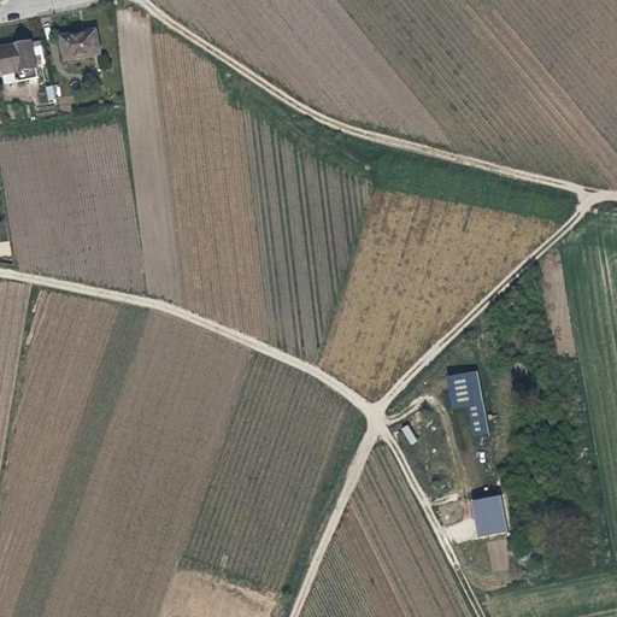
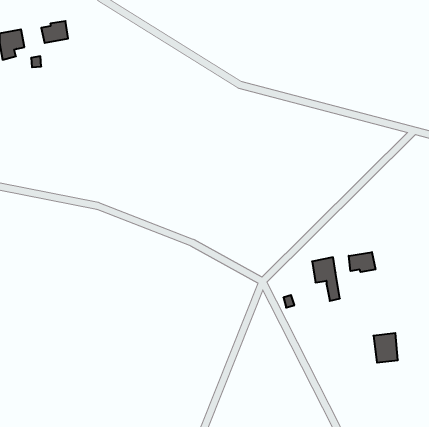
building: none -> [349,252,375,272]
building: [470,492,505,534] -> [373,333,398,363]

